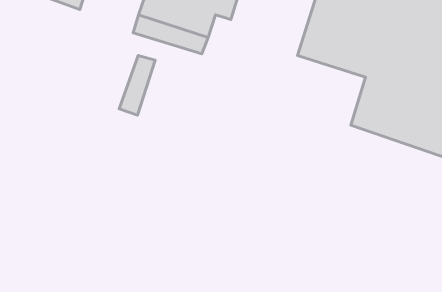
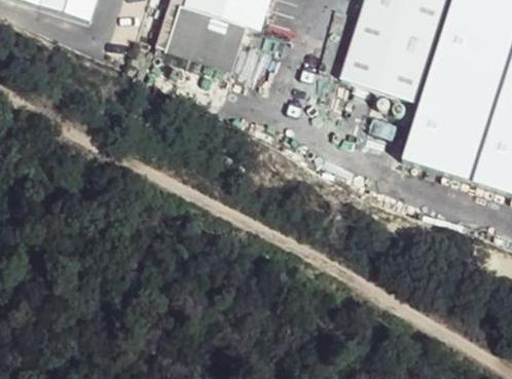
building: [119,55,155,115] -> none

